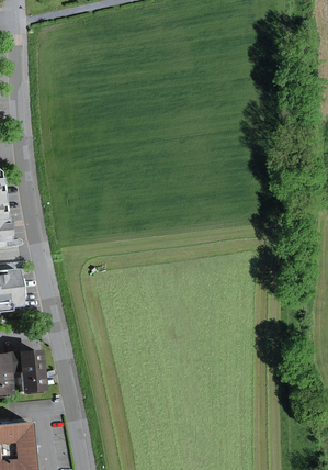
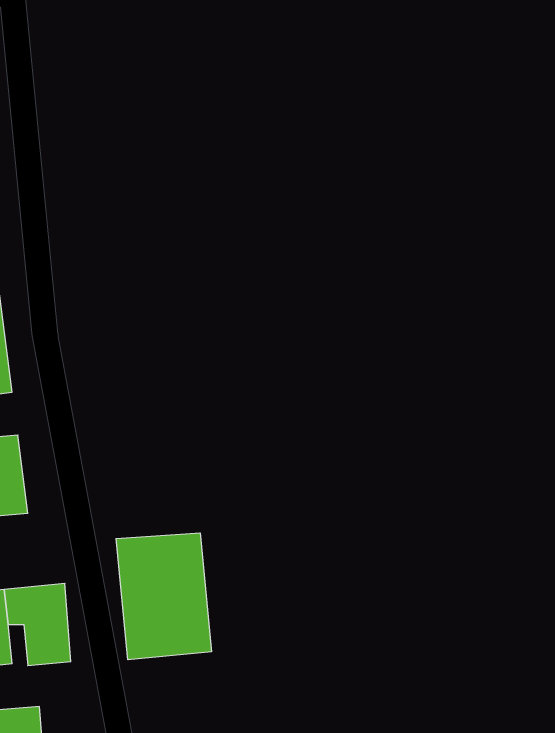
building: none -> [116,533,211,660]

